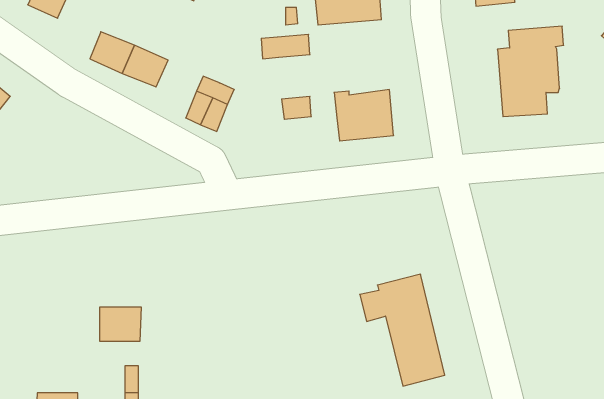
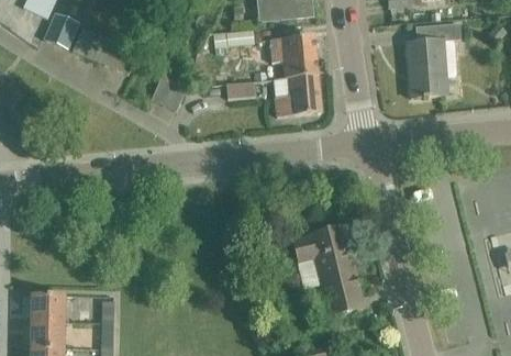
building: none -> [44,10,78,47]
building: none -> [269,35,318,79]
building: [100,307,141,341] -> [31,294,65,322]

